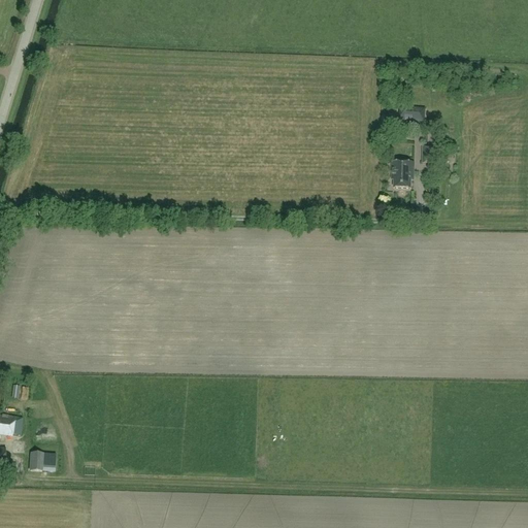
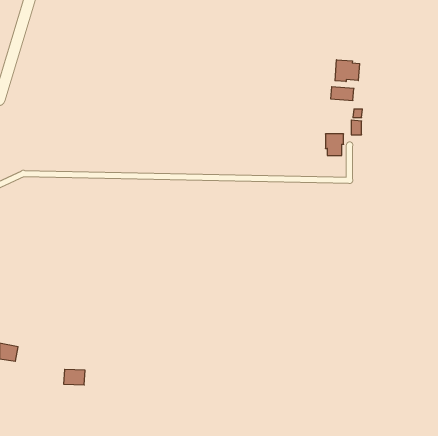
building: none -> [335,60,360,82]
building: [29,452,55,470] -> [64,369,85,385]

